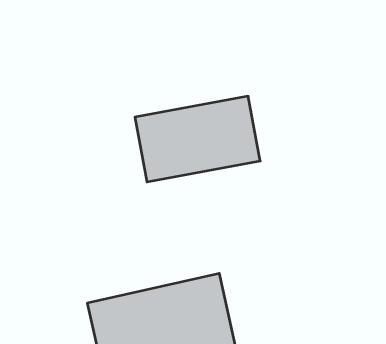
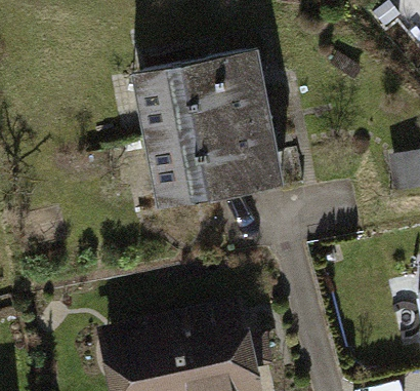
building: none -> [139,51,268,141]

